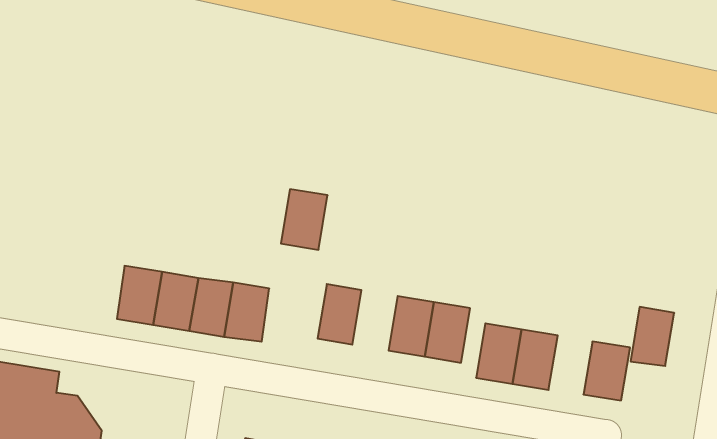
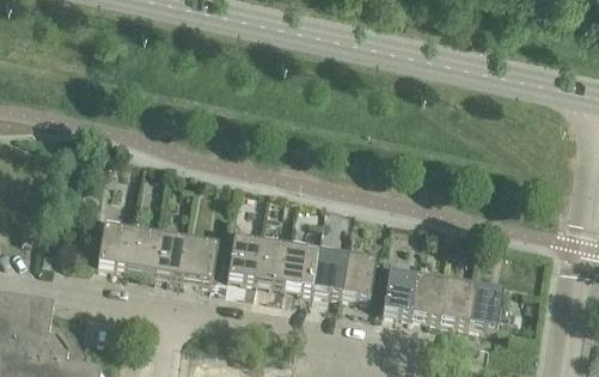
building: [281,189,328,250] -> [226,233,263,281]
building: none -> [283,243,319,291]
building: [631,307,674,366] -> [439,279,473,326]

